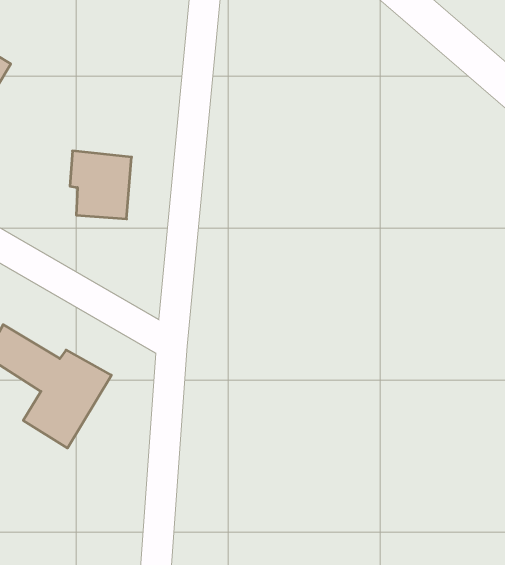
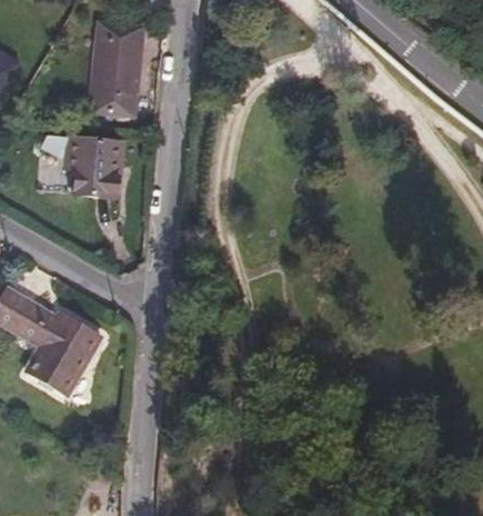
building: none -> [91,19,142,109]

